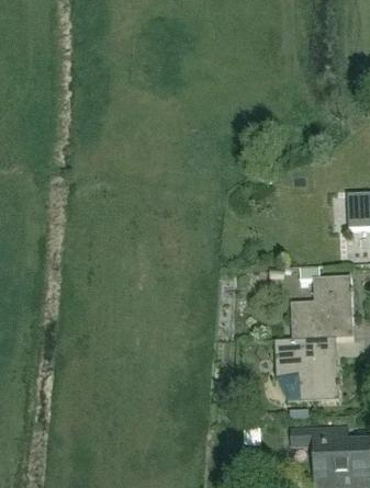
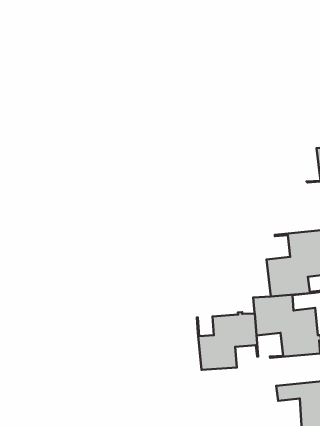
building: none -> [197,312,258,370]

